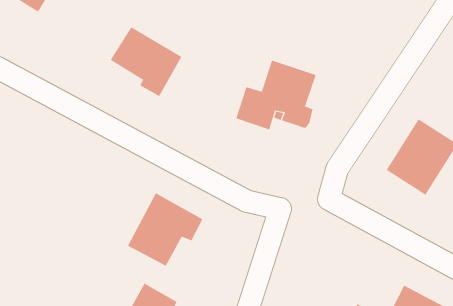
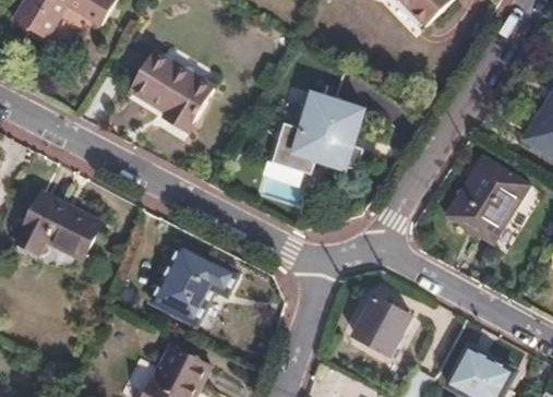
building: none -> [15,194,100,262]
building: none -> [353,298,410,356]

